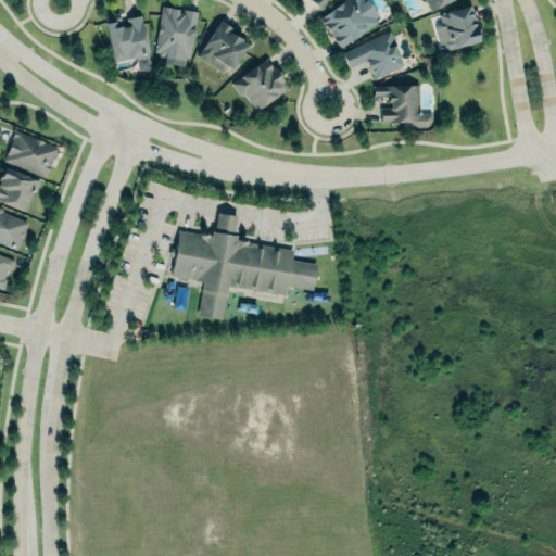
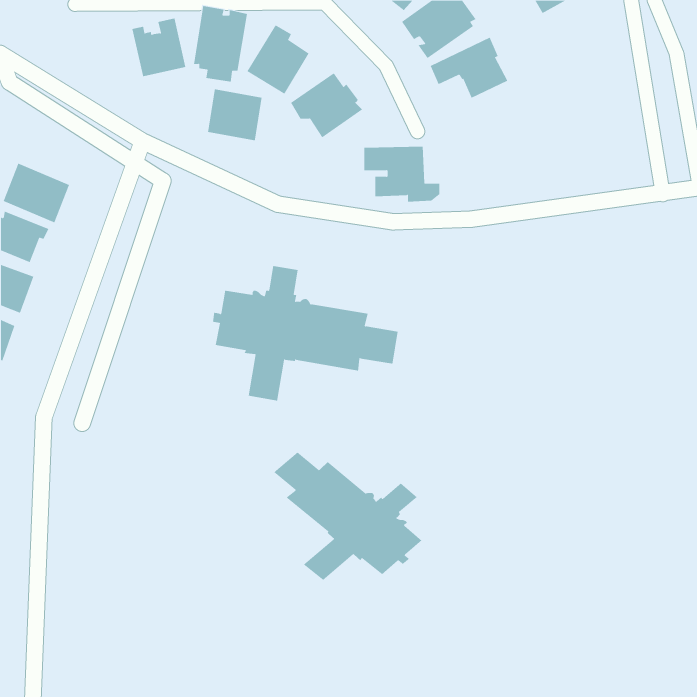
building: [438,7,481,52] -> none
building: none -> [207,89,262,141]
building: [372,85,433,129] -> [363,146,440,202]
building: none -> [273,451,422,581]

